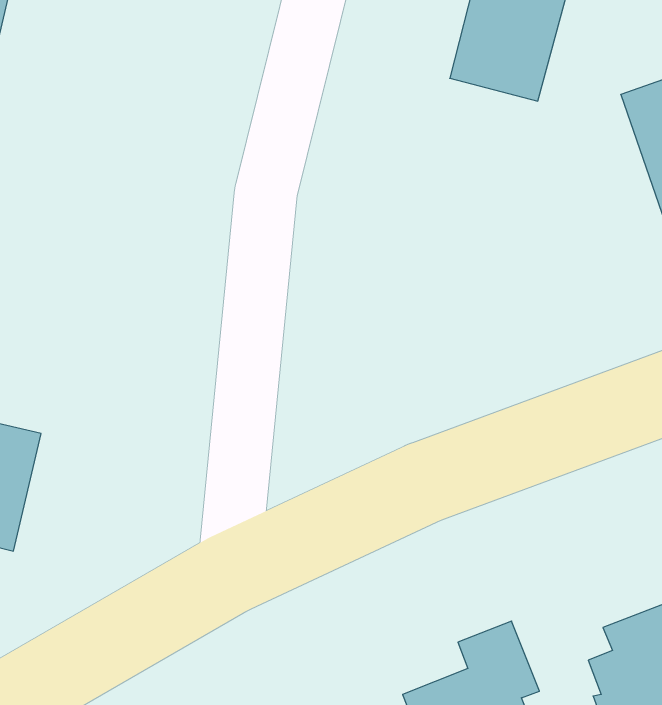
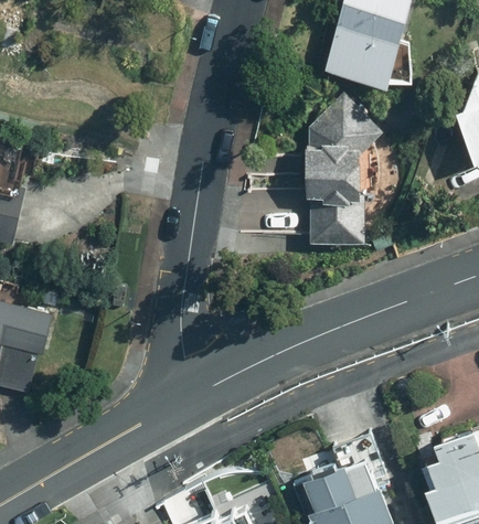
building: none -> [306,95,382,245]

